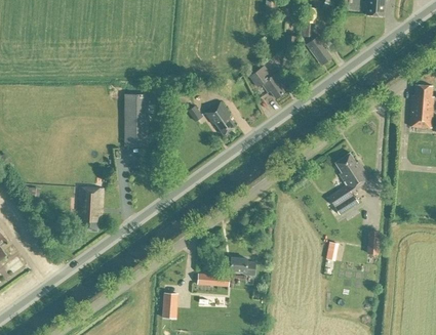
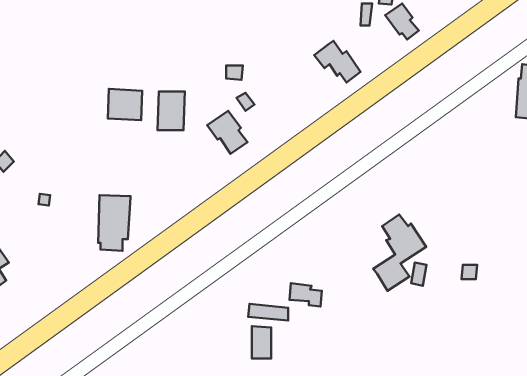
building: [204,101,236,135] -> [207,111,247,154]
building: none -> [108,89,142,120]
building: [328,154,370,214] -> [373,214,426,291]
building: [165,291,181,317] -> [252,326,271,359]

